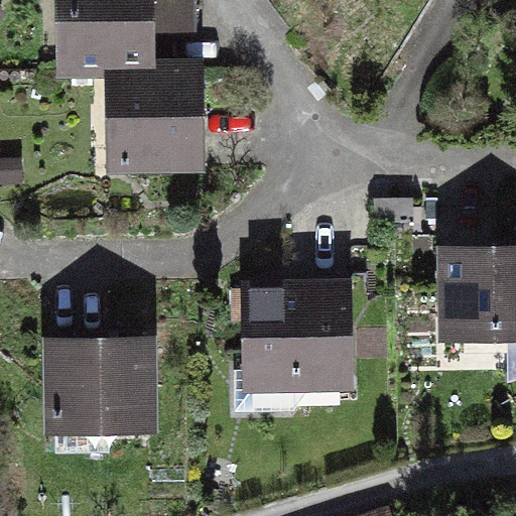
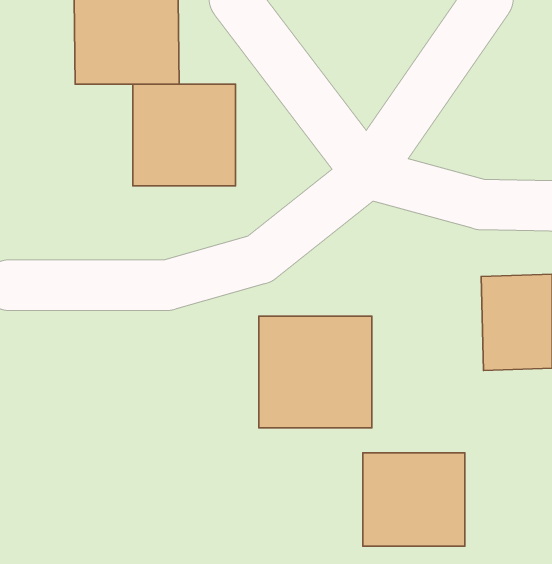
building: [45,345,154,437] -> none
building: none -> [363,453,465,546]

